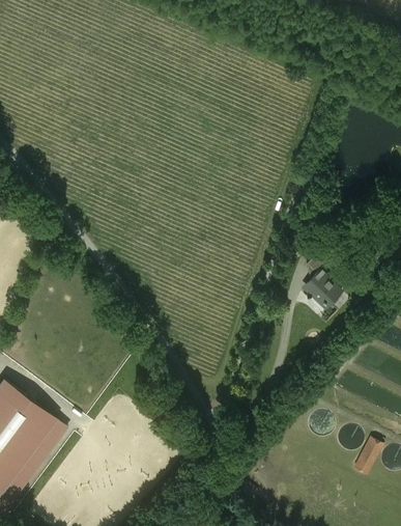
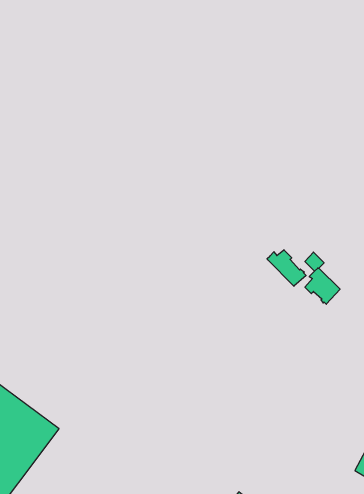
building: none -> [267,250,306,286]

